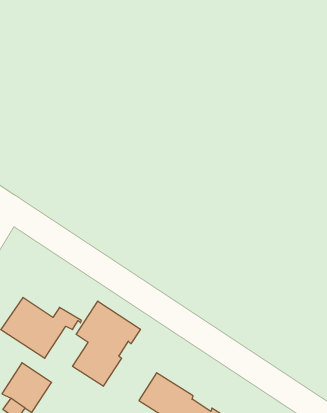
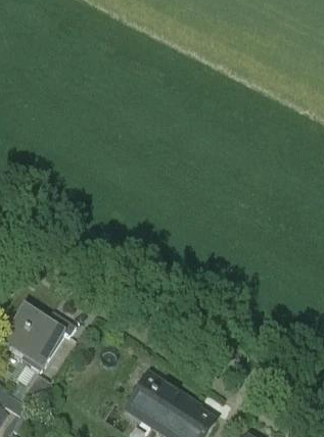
building: [73,301,140,386] -> none

